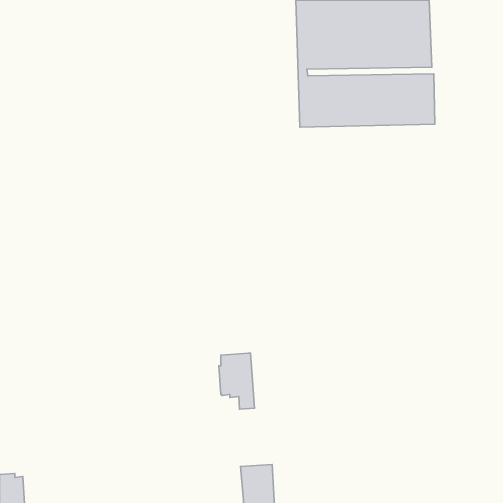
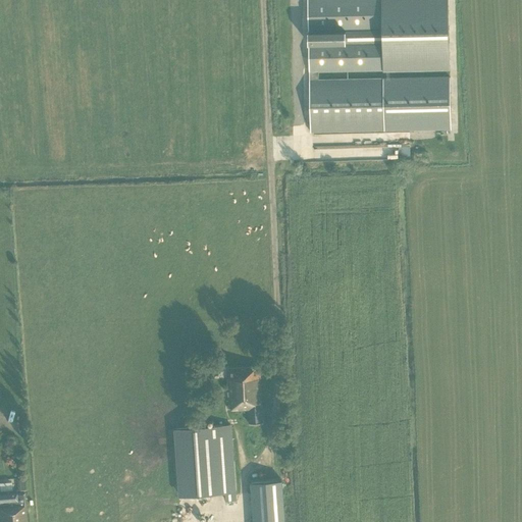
building: none -> [175,425,236,502]

